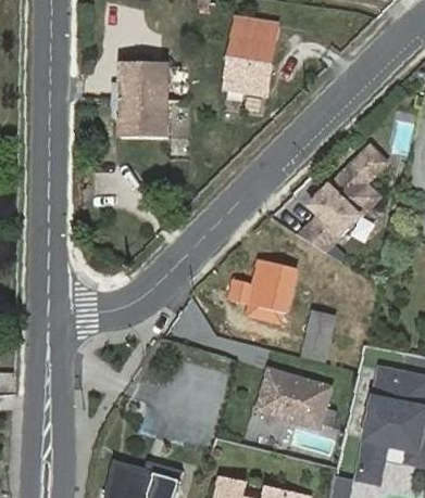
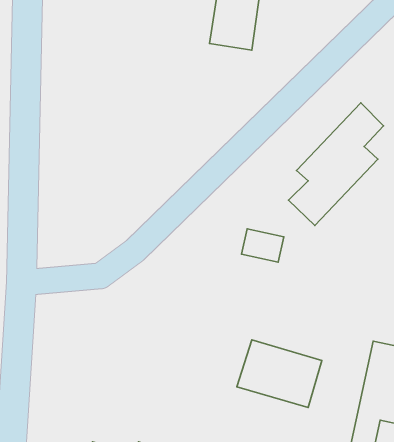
building: [116,58,174,129] -> none
building: [229,281,290,322] -> none
building: [298,310,334,362] -> none

